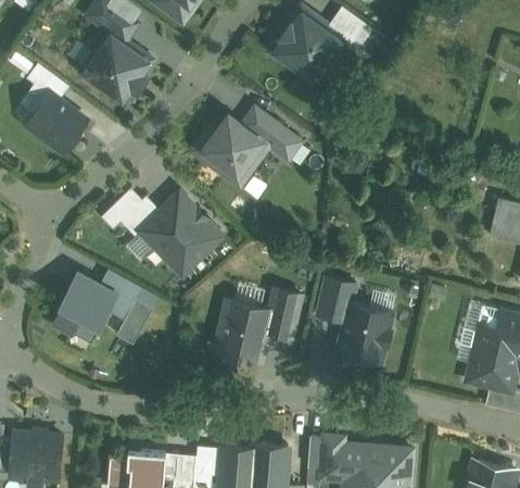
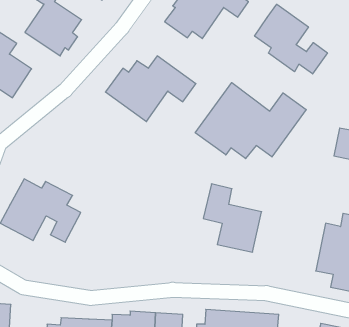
building: none -> [255,4,327,74]
building: none -> [195,83,306,159]
building: [98,187,227,280] -> none
building: [213,285,301,360] -> none

